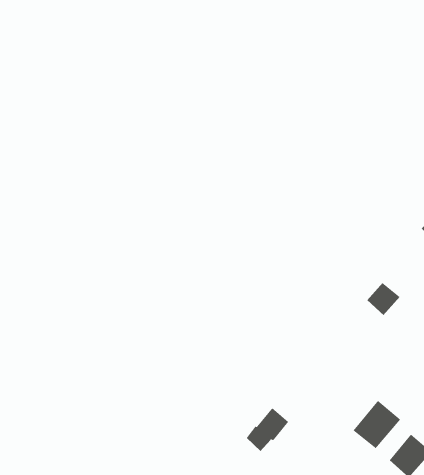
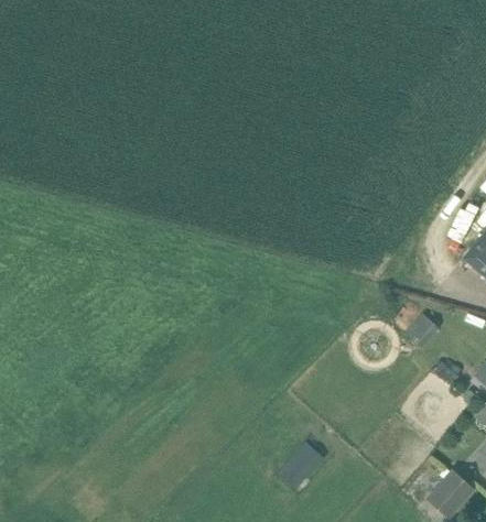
building: [353,400,401,449] -> none

